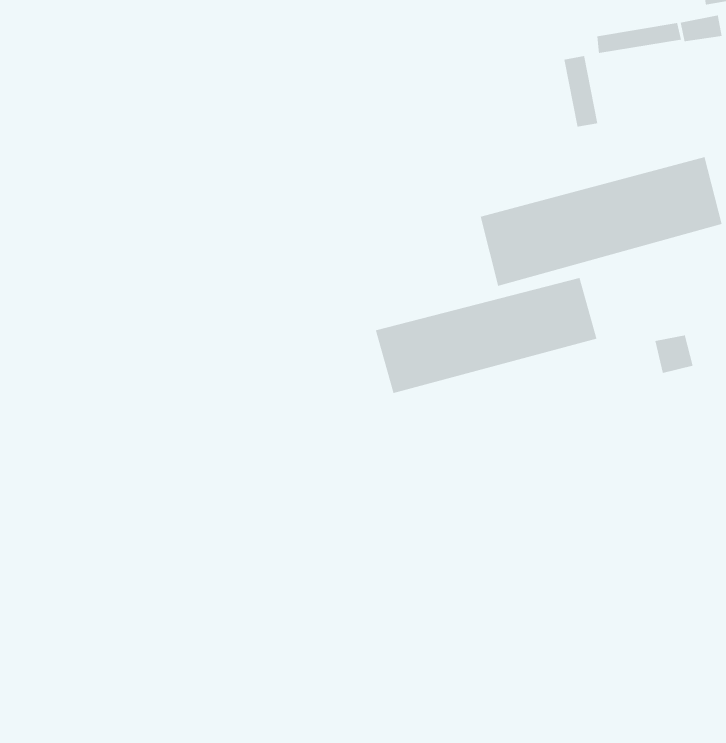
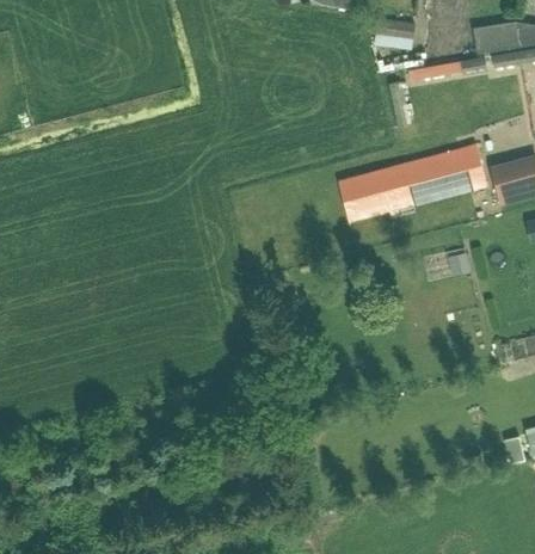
building: [375,277,597,394] -> none

